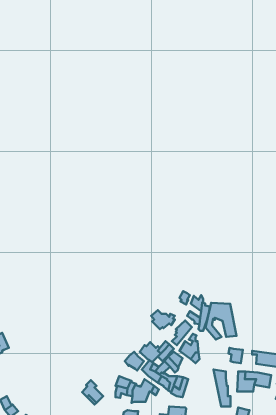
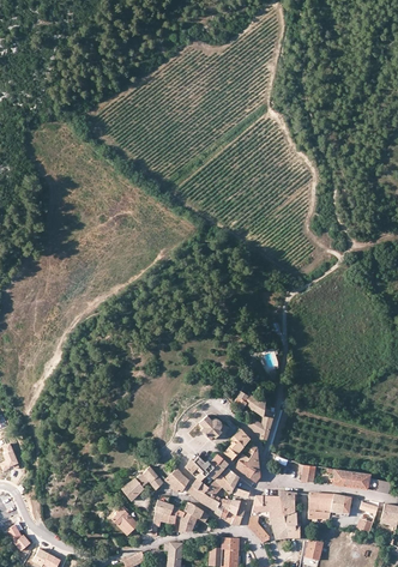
building: [205,303,237,340] -> [248,495,288,542]
building: none -> [122,466,162,500]

